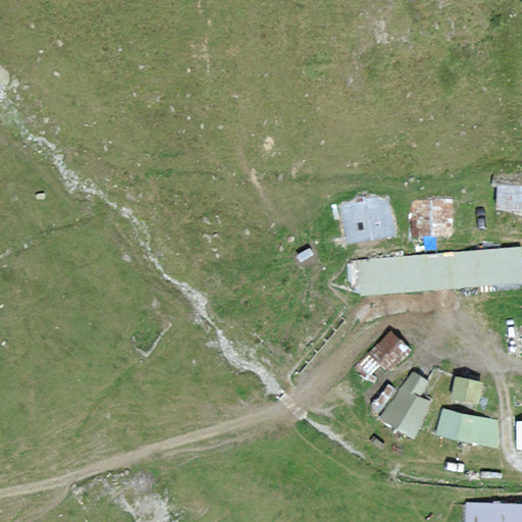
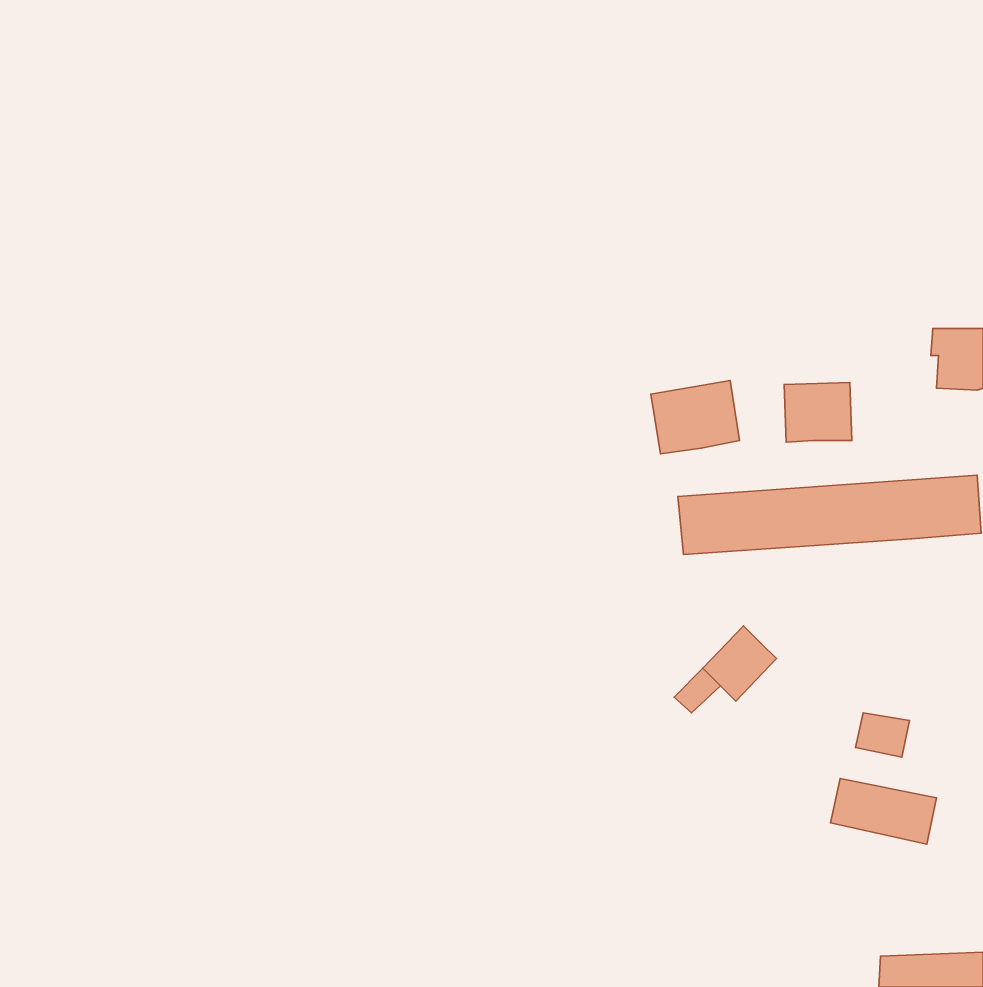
building: [385,371,429,431] -> none

